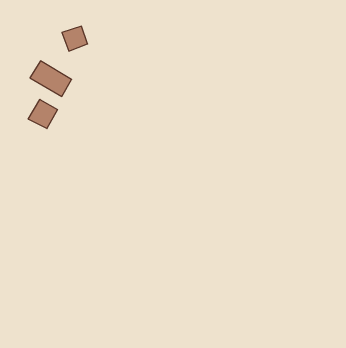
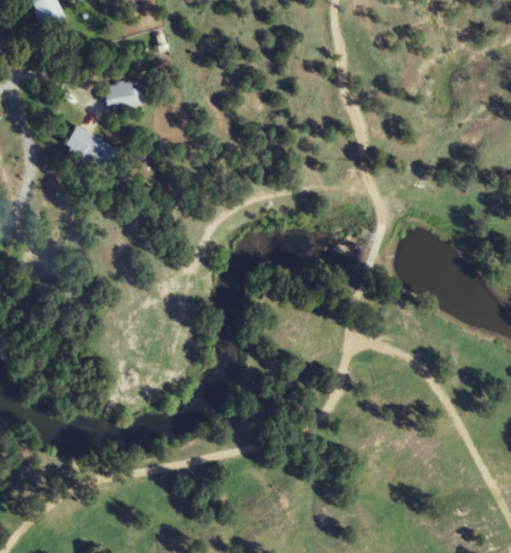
building: [28,99,57,129] -> none

